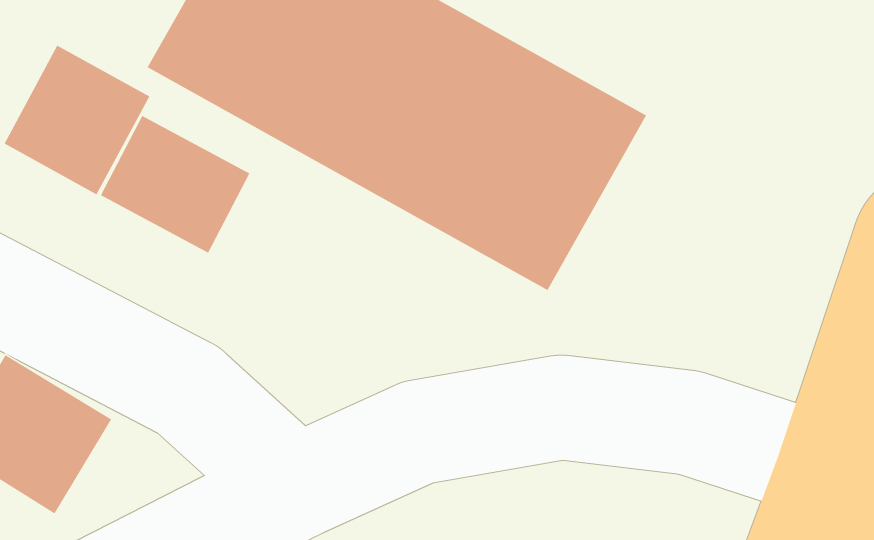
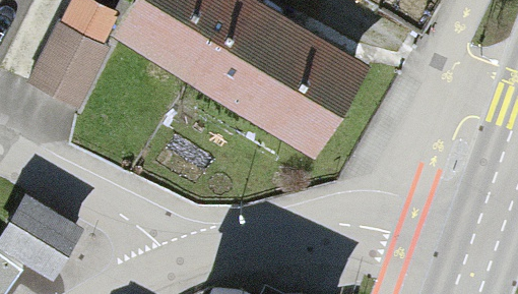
building: [100,115,251,254] -> none

